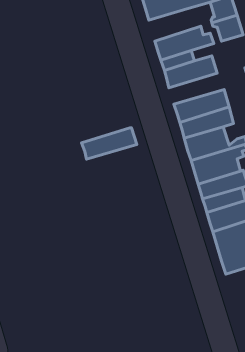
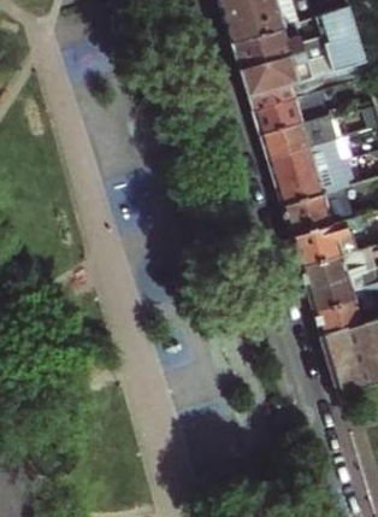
building: none -> [234,29,306,72]
building: [81,128,137,159] -> [261,117,338,160]

